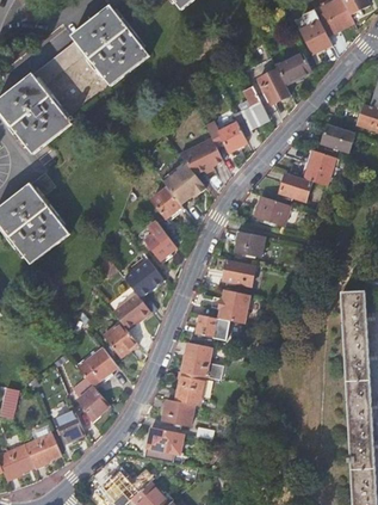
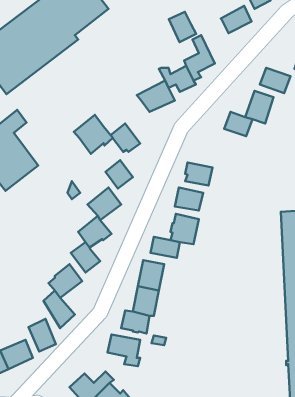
building: [258,69,289,104] -> [169,12,196,42]
building: [160,160,204,204] -> [74,115,113,154]
building: [254,196,289,224] -> none

